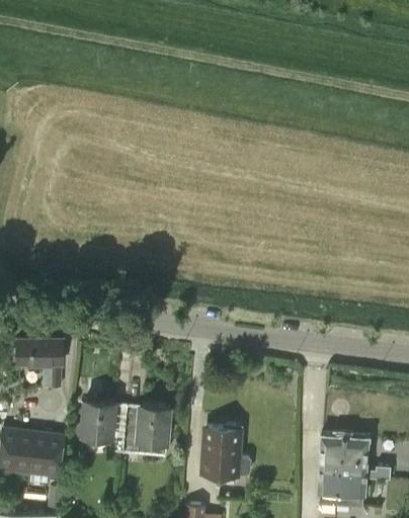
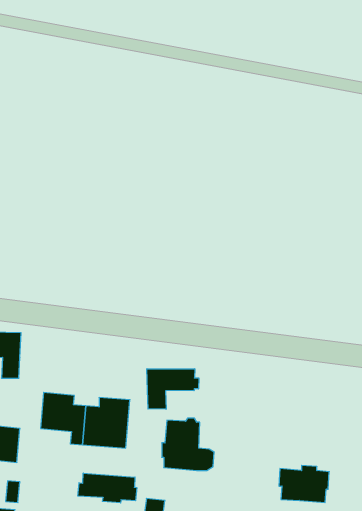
building: none -> [147,369,199,409]
building: [318,434,391,479] -> none
building: none -> [78,473,137,503]

